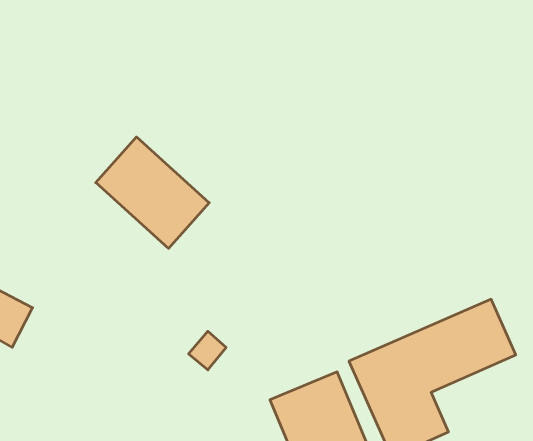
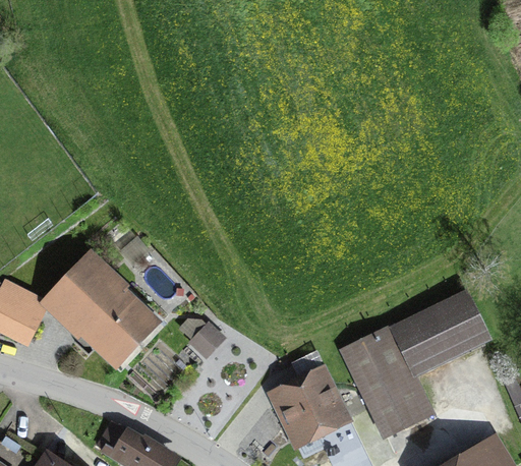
building: [96,137,209,248] -> none
building: none -> [46,249,162,361]

